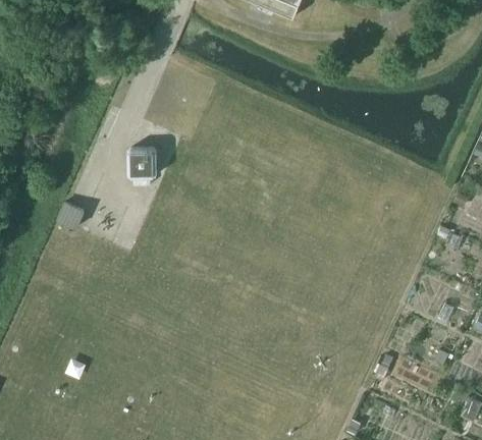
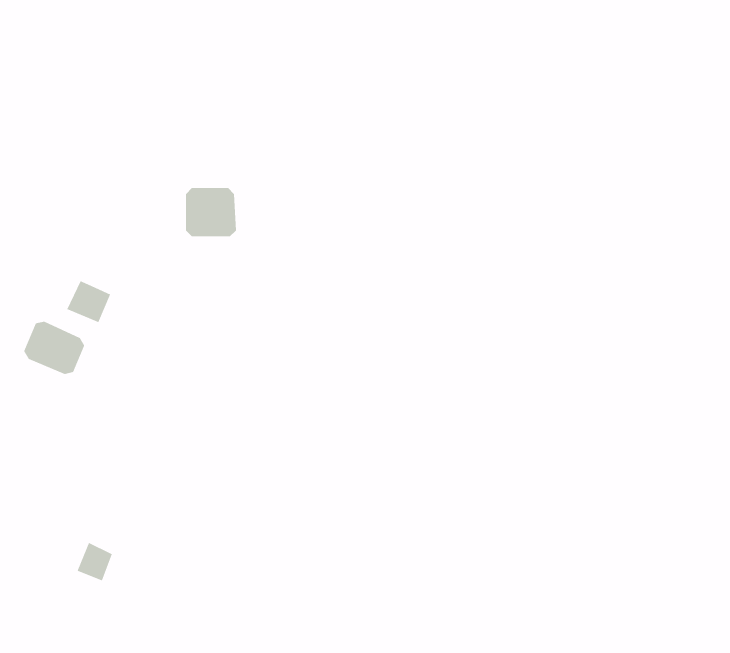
building: none -> [23,321,85,375]

